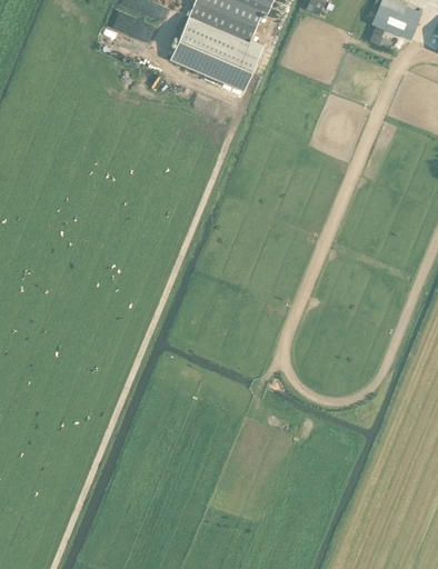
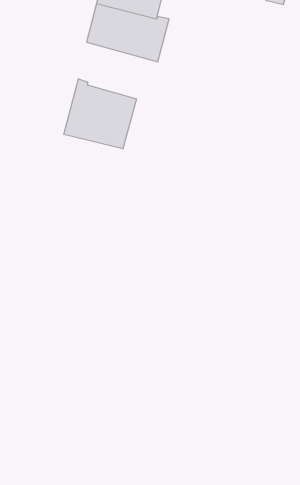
building: none -> [64,79,136,149]

